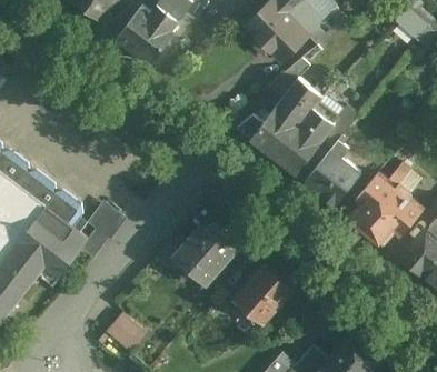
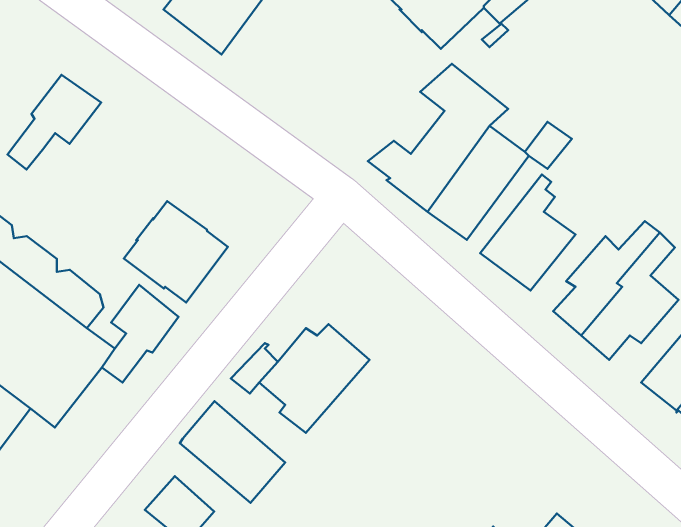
building: none -> [8,75,101,170]
building: none -> [124,201,228,302]
building: [232,265,295,325] -> none
building: none -> [180,401,285,503]

